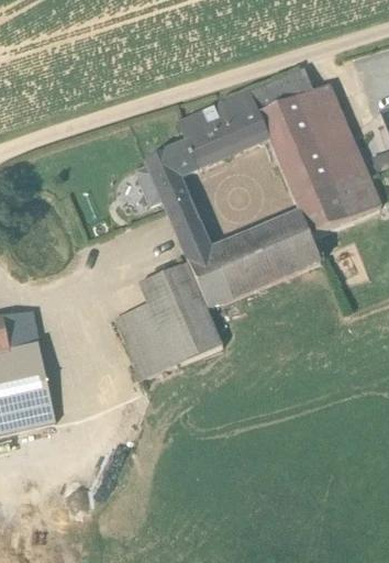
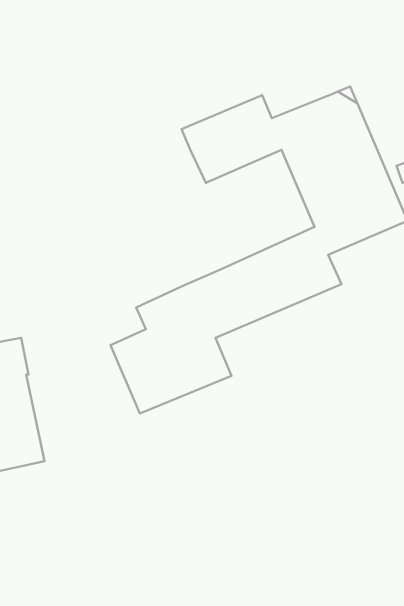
building: [249,66,313,111] -> none
building: [133,139,212,260] -> none

